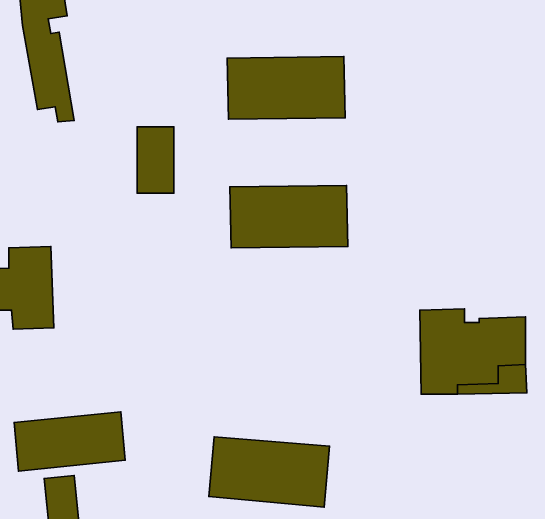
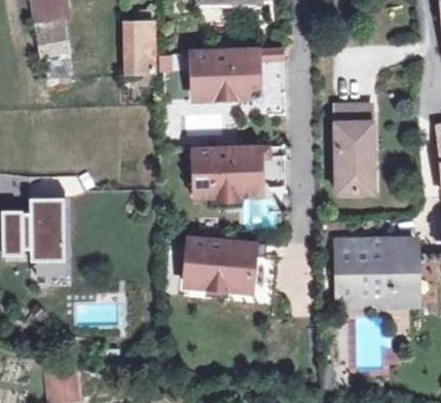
building: [137,127,174,193] -> [124,23,152,73]
building: none -> [334,106,372,193]
building: [14,412,125,471] -> none
building: [209,437,329,507] -> [185,241,277,294]

